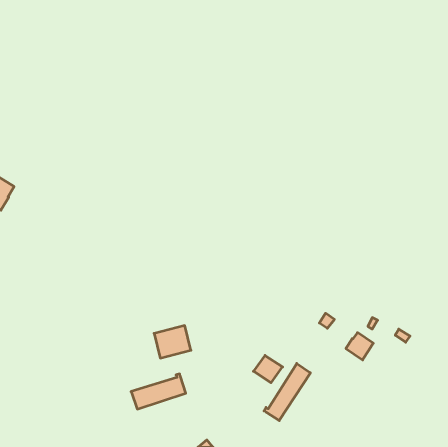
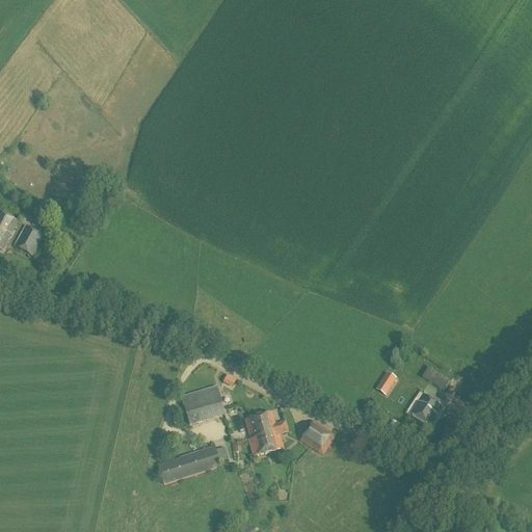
building: none -> [11,223,43,255]
building: none -> [242,409,287,455]
building: [264,363,310,421] -> none

